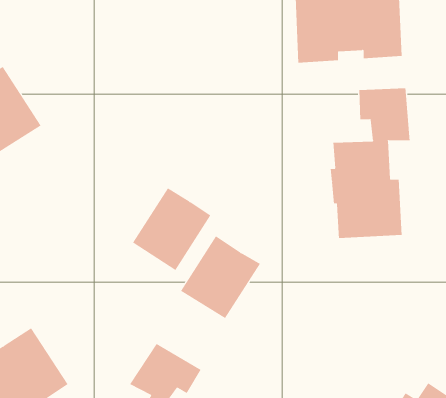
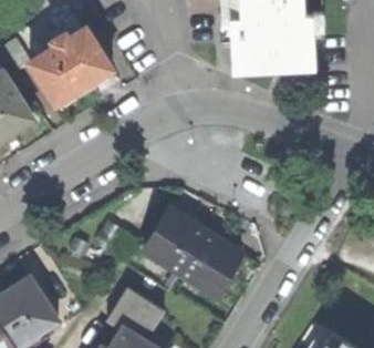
building: none -> [30,29,113,108]
building: [330,88,410,239] -> none
building: [132,187,211,271] -> [177,231,239,296]

